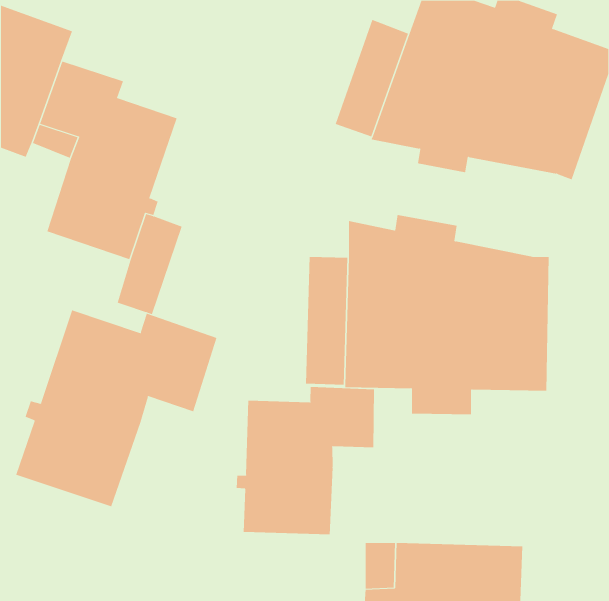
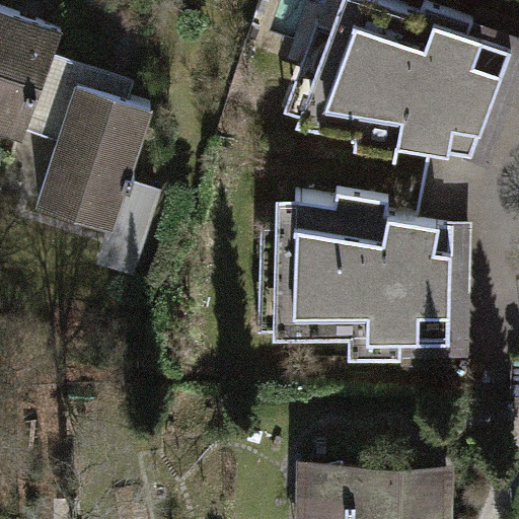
building: [15,309,217,507] -> none
building: [236,386,374,535] -> none

